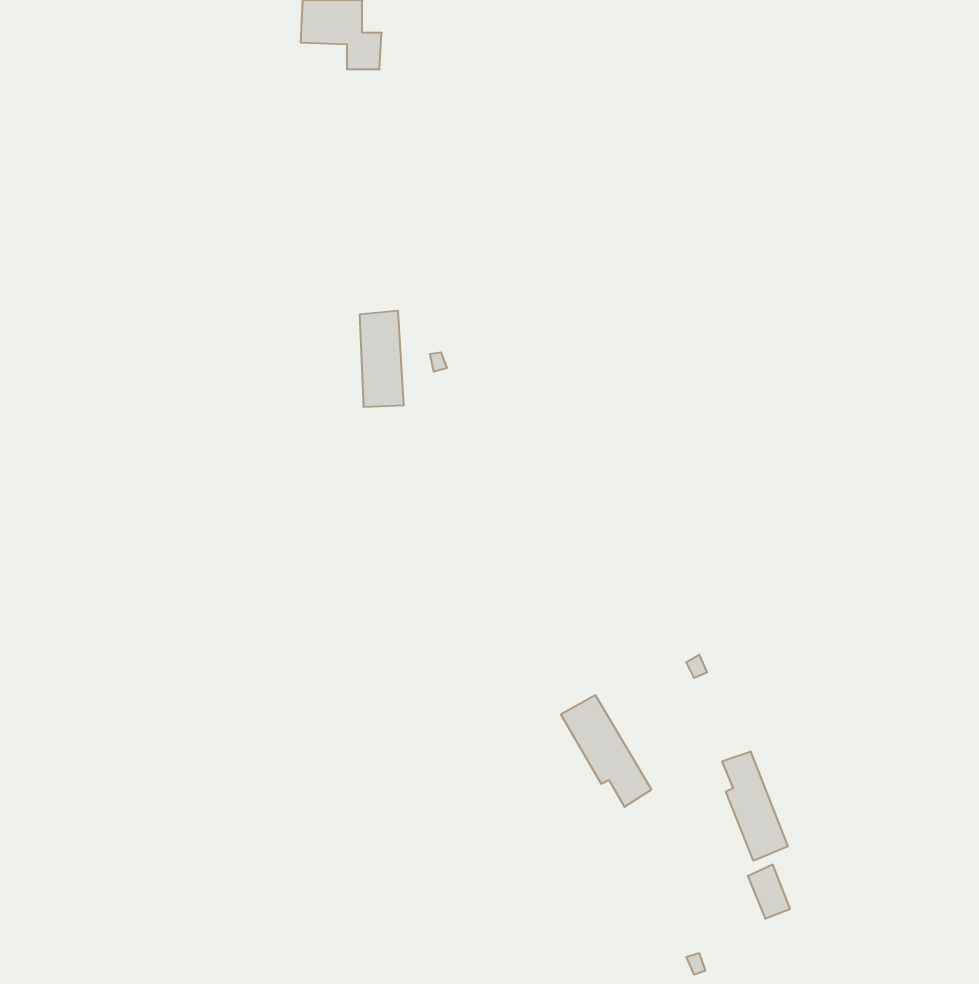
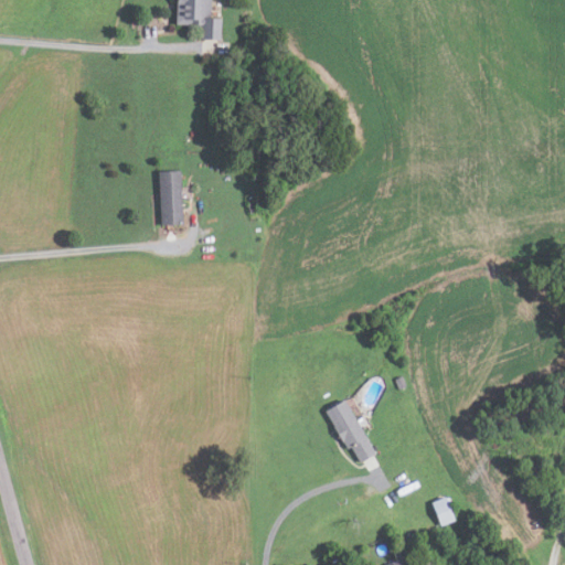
building: [360,311,404,407] -> [159,169,184,224]
building: [722,751,788,861] -> none

